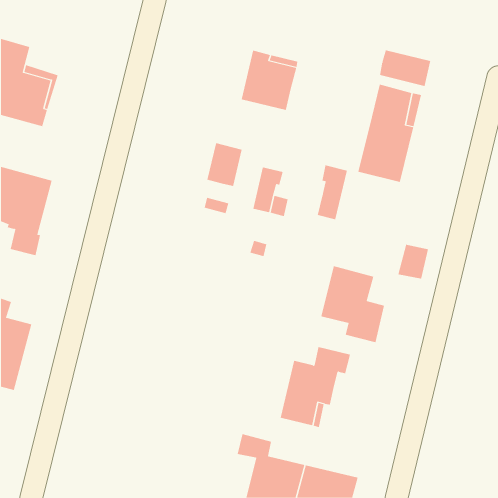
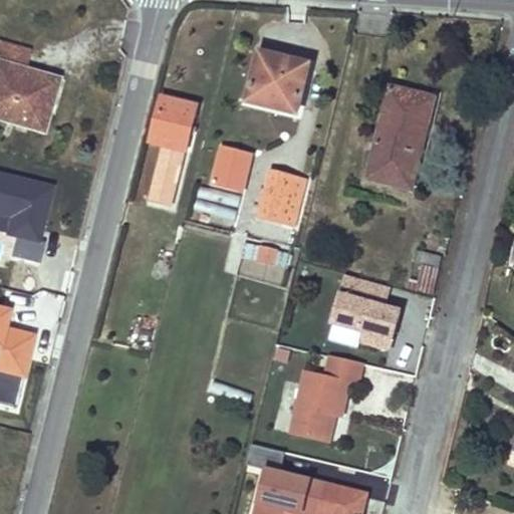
building: [379,49,431,87] -> none
building: none -> [149,96,195,205]
building: [317,165,348,220] -> none

